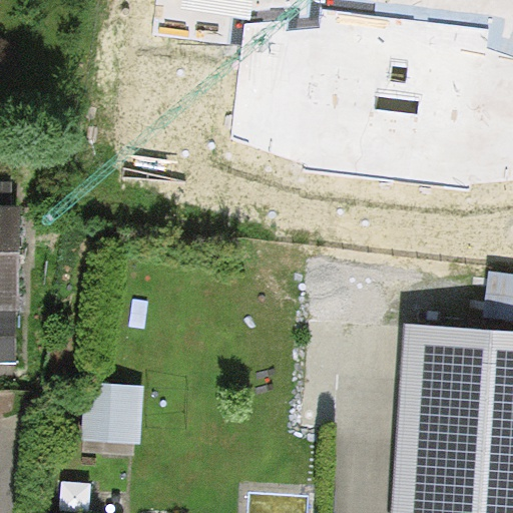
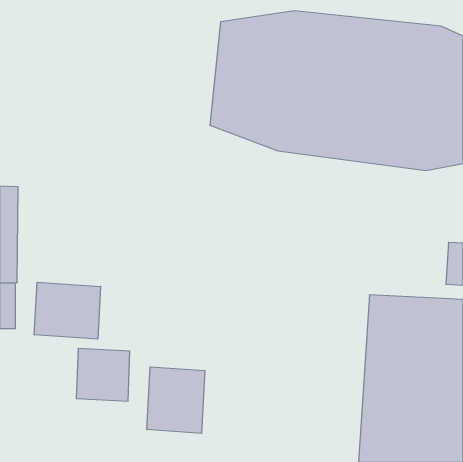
building: none -> [34,282,100,339]
building: none -> [147,367,205,433]

